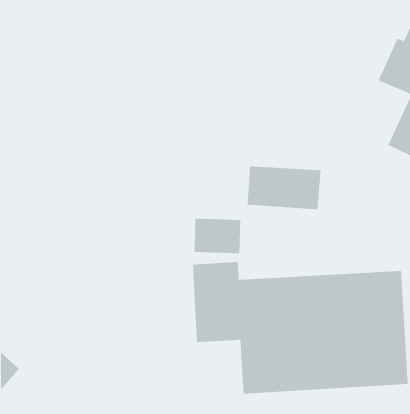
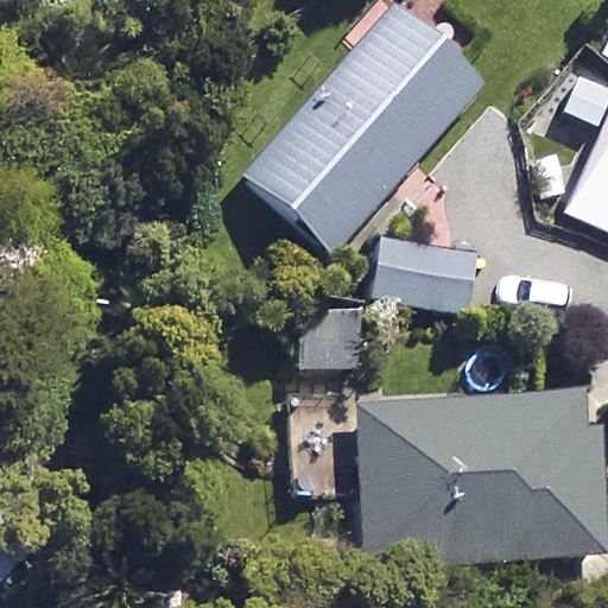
building: none -> [242,7,483,256]

